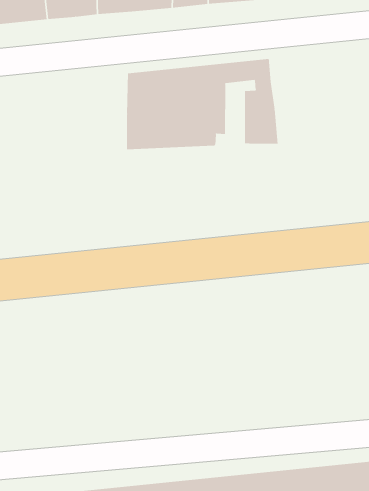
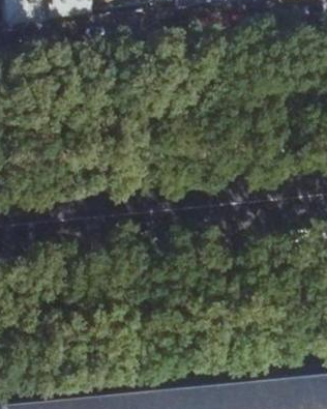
building: [127,58,278,150] -> none

